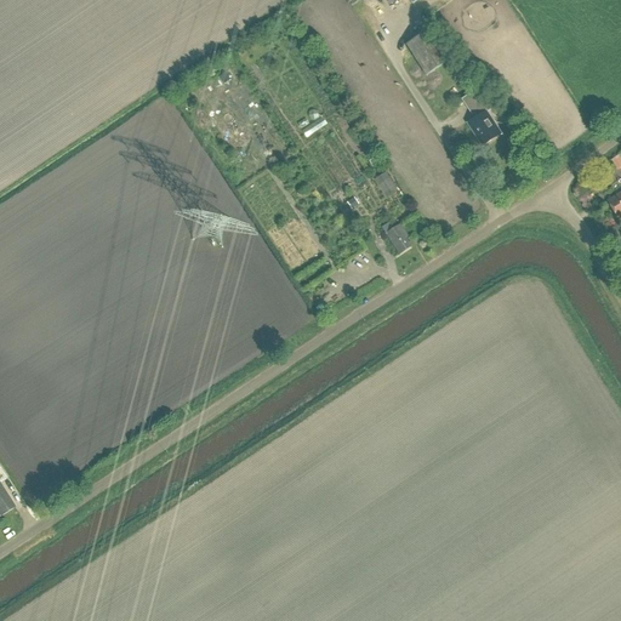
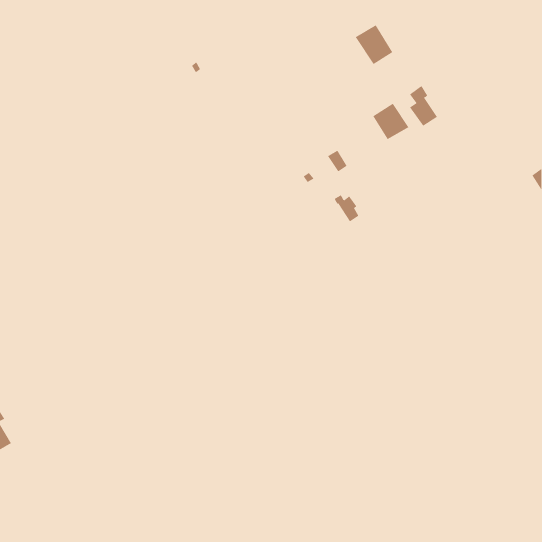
building: none -> [372,103,409,140]

